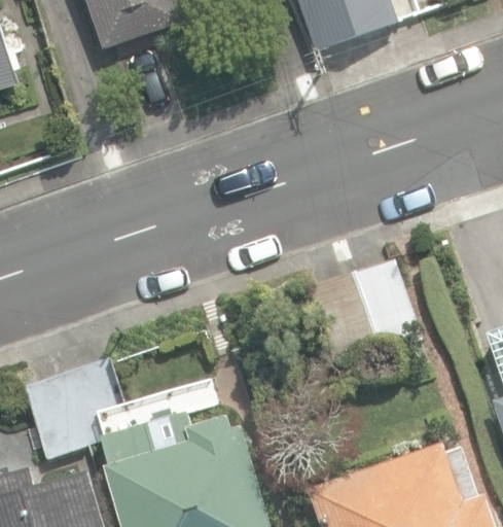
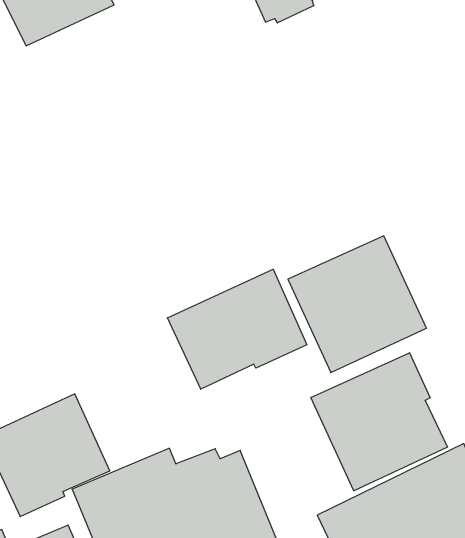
building: none -> [167,269,307,389]
building: none -> [311,353,447,491]

